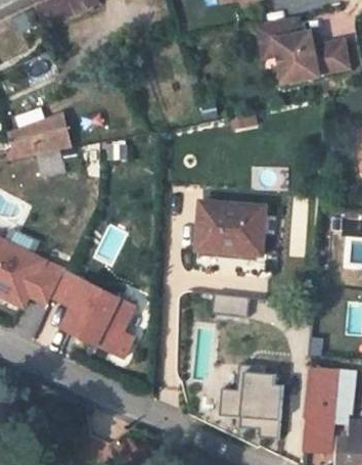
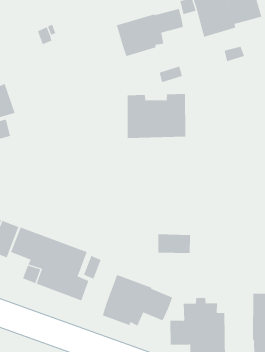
building: none -> [116,8,183,57]
building: [196,202,265,253] -> [127,93,186,138]
building: none -> [102,274,173,327]

